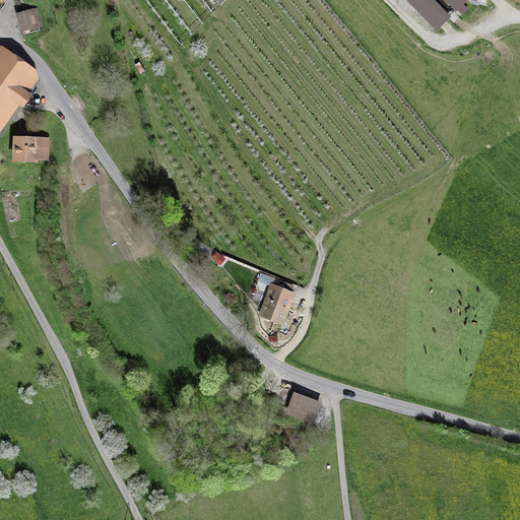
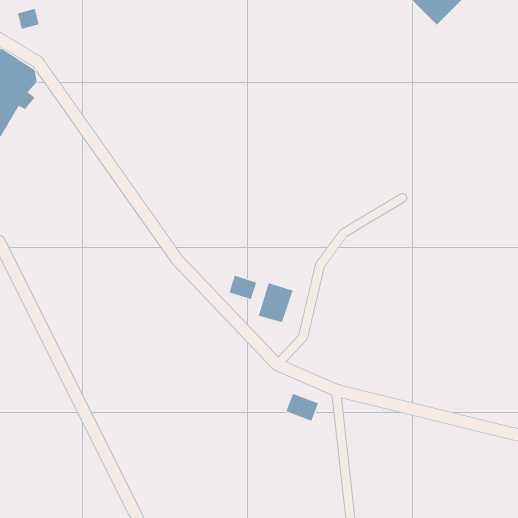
building: [14,137,49,161] -> none
building: none -> [229,275,257,300]

